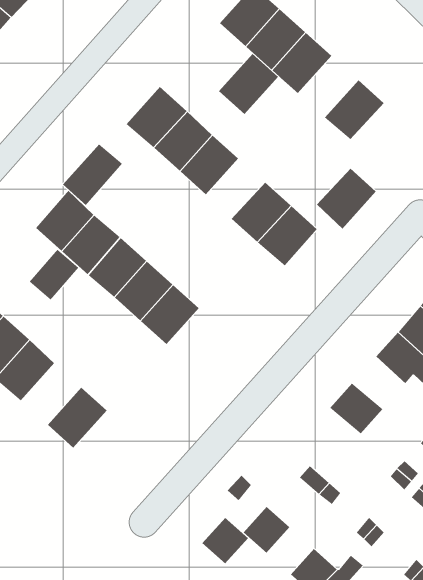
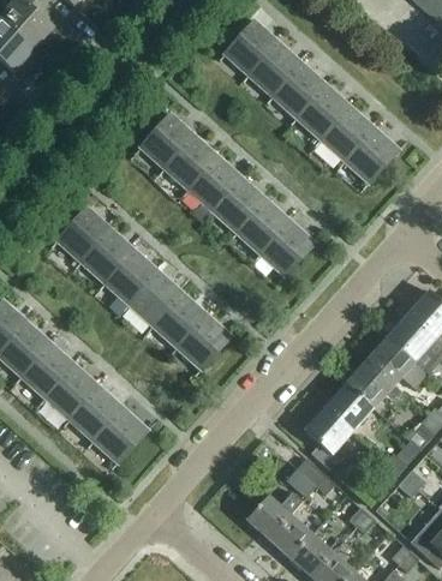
building: [218,53,279,115] -> [295,83,351,139]
building: [62,144,123,206] -> none
building: none -> [211,176,265,232]
building: [316,168,377,229] -> [344,126,399,182]
building: [29,249,79,301] -> none
building: none -> [175,313,229,369]
building: none -> [345,358,401,406]
building: none -> [42,364,97,420]
building: none -> [304,405,353,469]
building: none -> [90,407,147,465]
building: [202,517,249,564] -> [267,514,310,557]

